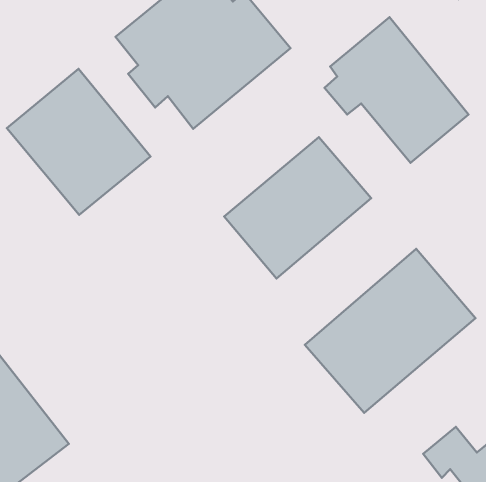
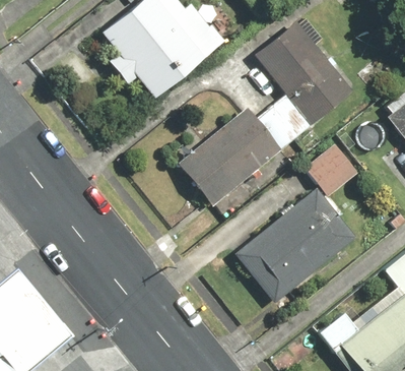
building: [7,69,151,215] -> none
building: none -> [257,94,311,148]
building: none -> [303,141,359,196]

